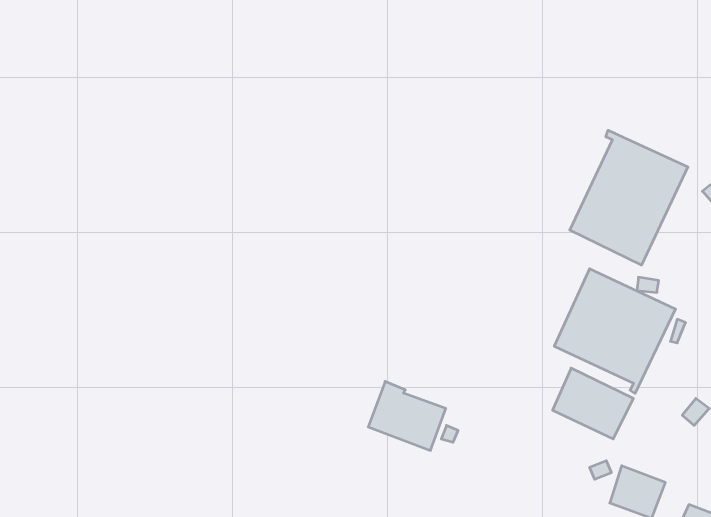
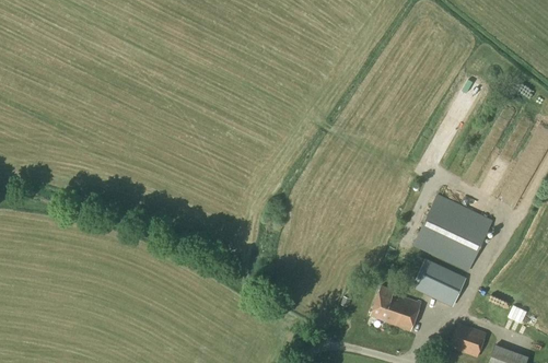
building: [570,130,688,265] -> none
building: [368,381,446,450] -> [371,285,421,330]

